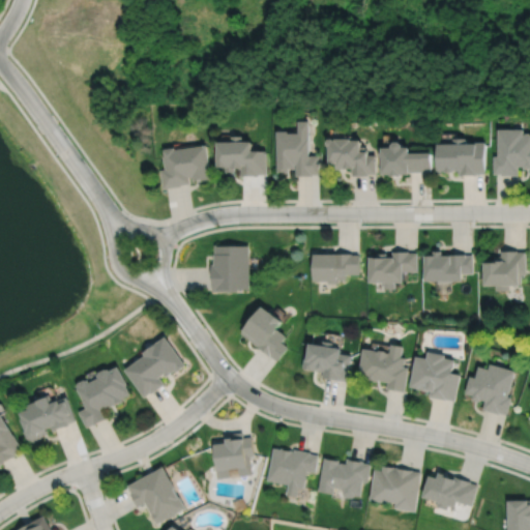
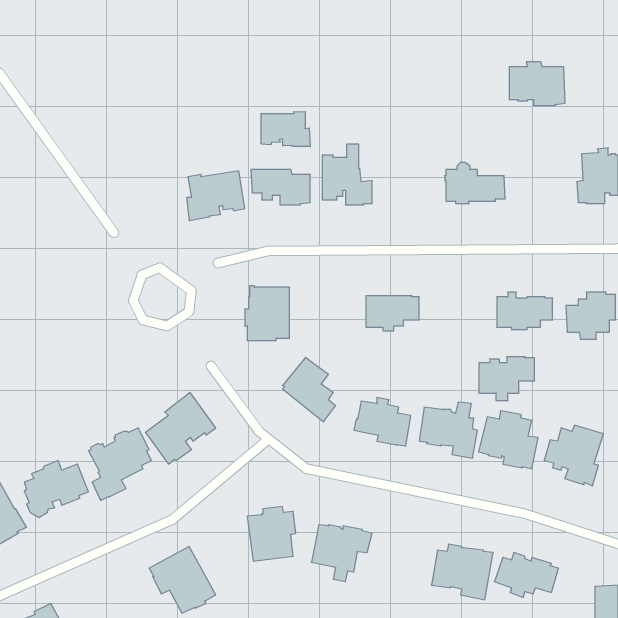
building: none -> [261,112,310,147]
building: [438,138,485,175] -> [509,62,565,106]
building: [328,142,375,176] -> none
building: [369,252,416,289] -> [479,357,535,400]
building: [318,459,370,499] -> none

